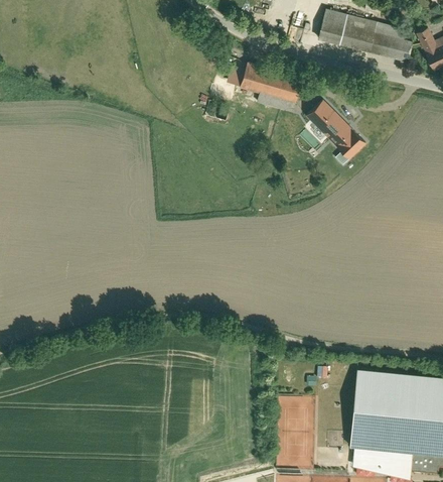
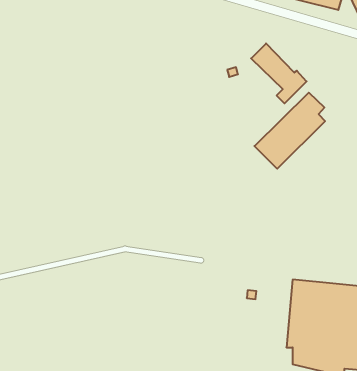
building: [245,62,306,112] -> none
building: none -> [254,93,325,169]

